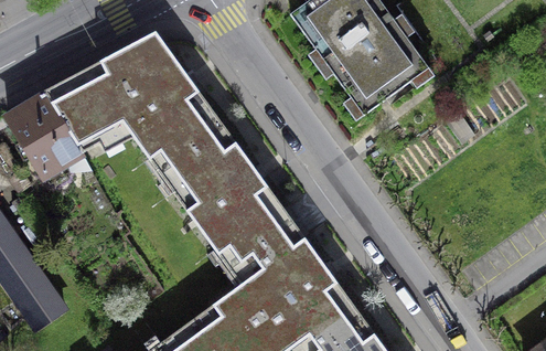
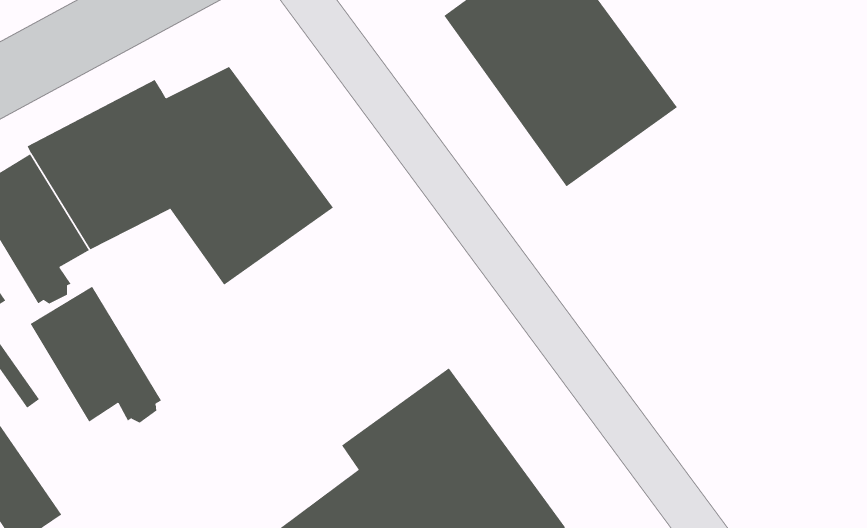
building: [160,128,293,269] -> none
building: none -> [30,286,162,423]

